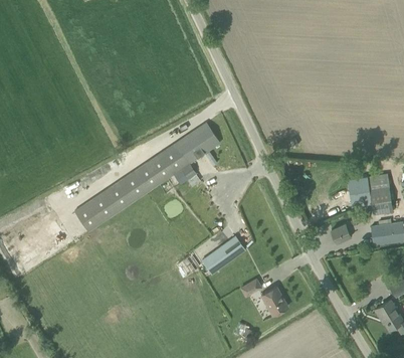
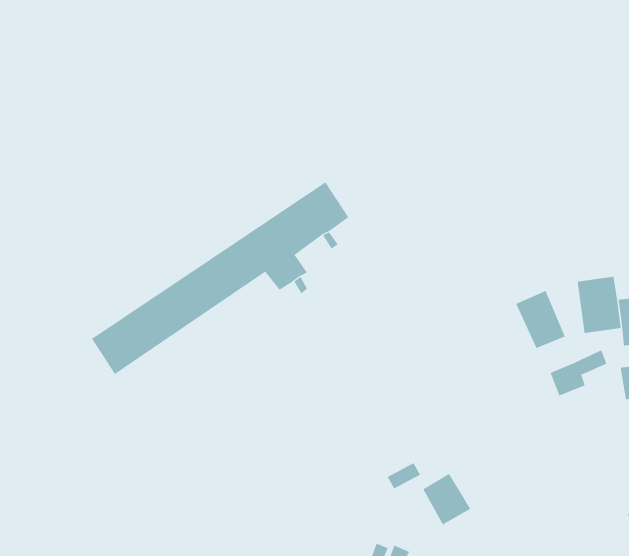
building: none -> [515,290,565,349]
building: [202,236,245,274] -> none

